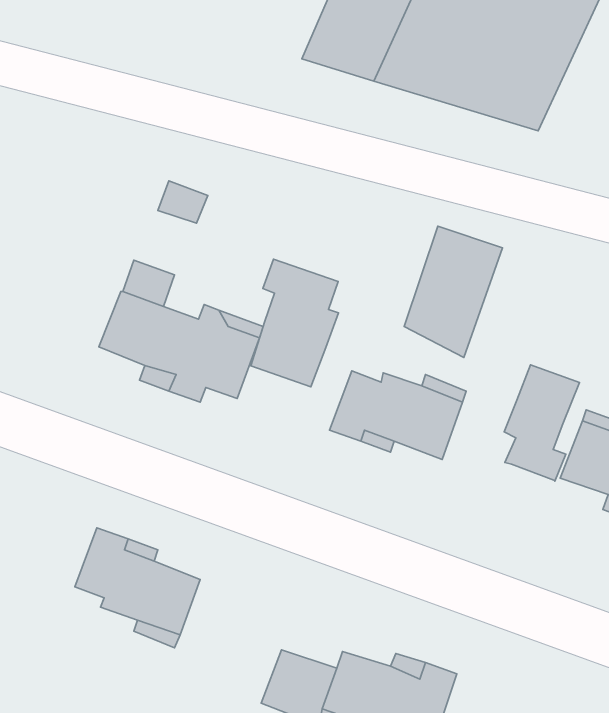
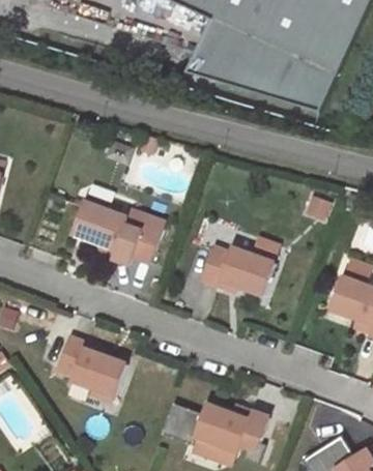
building: [404,226,502,357] -> none
building: [251,259,339,387] -> none
building: [504,365,579,481] -> none

